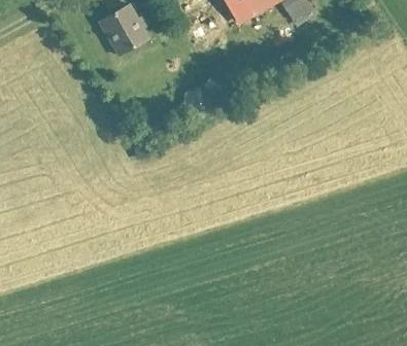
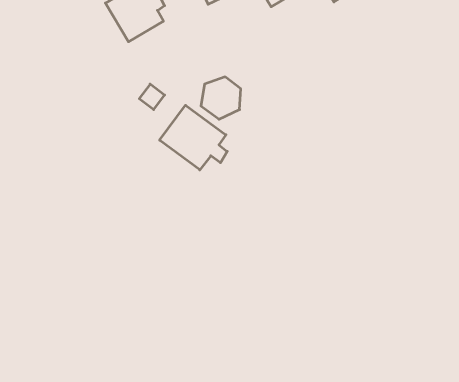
building: none -> [160,105,227,170]

